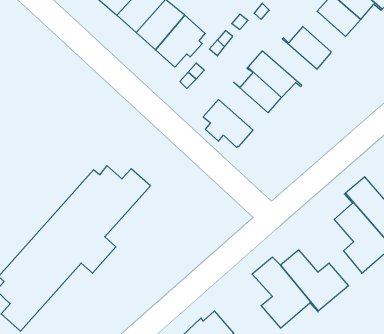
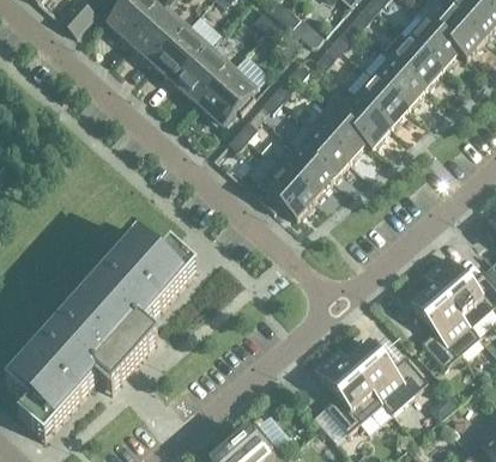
building: none -> [374,59,424,107]
building: none -> [326,91,391,146]
building: none -> [274,142,333,199]

